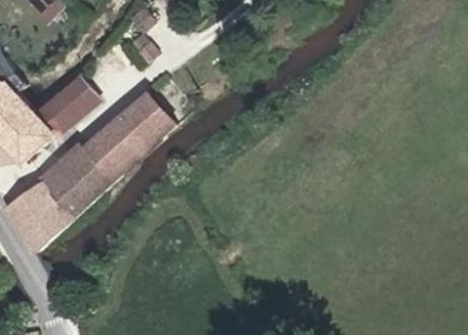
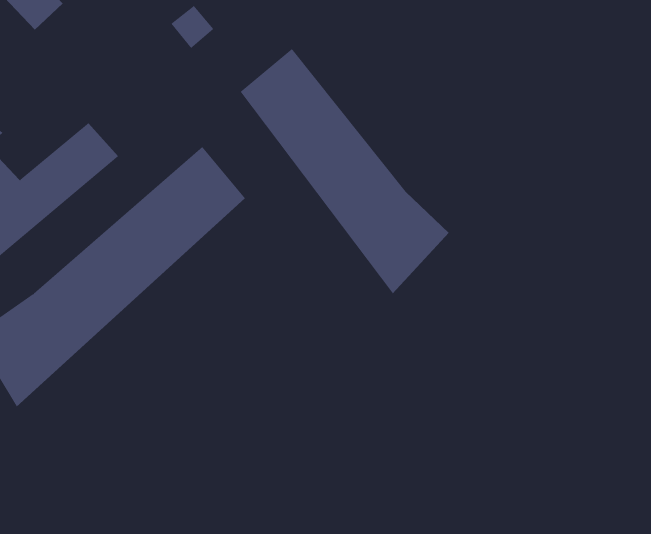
building: none -> [240,48,450,294]

